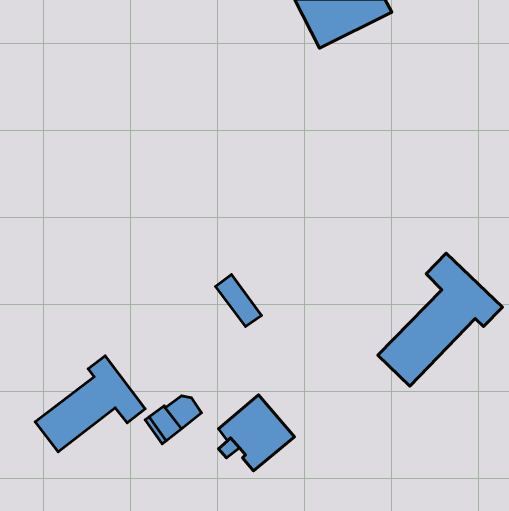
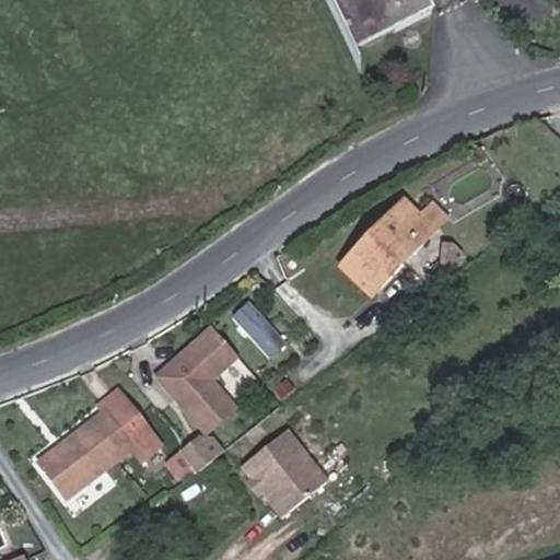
building: none -> [338,194,451,298]
building: [378,253,503,386] -> none
building: none -> [160,325,242,429]

